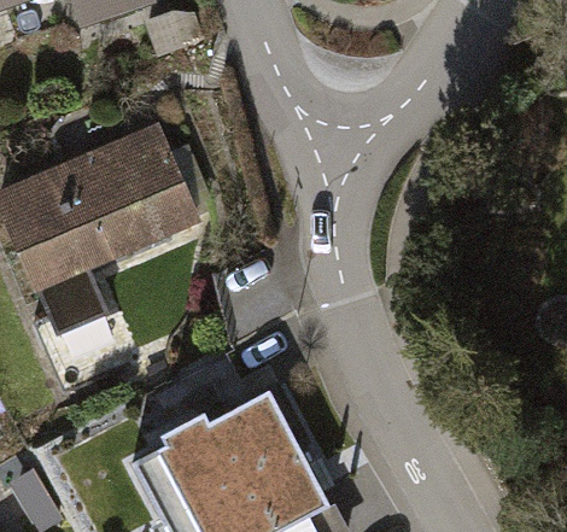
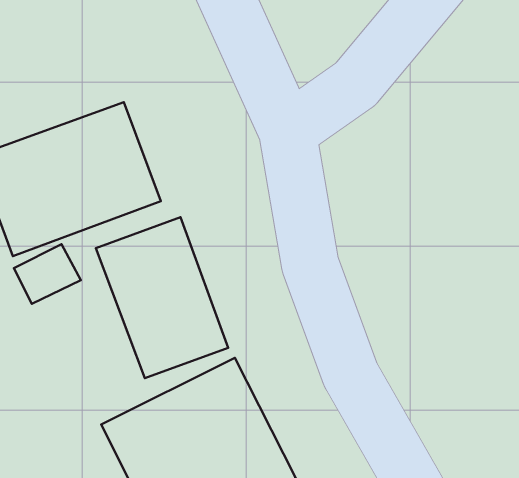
building: none -> [96,217,228,378]

